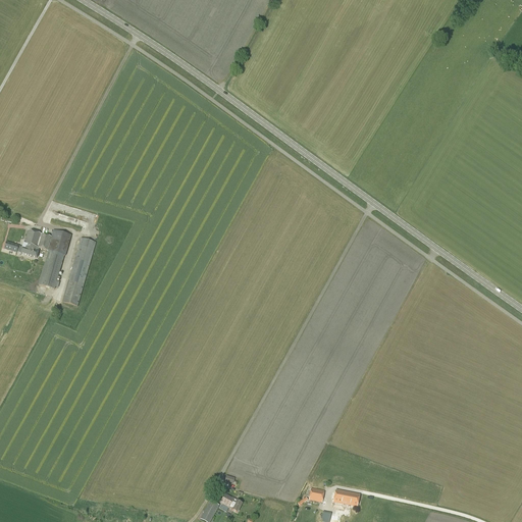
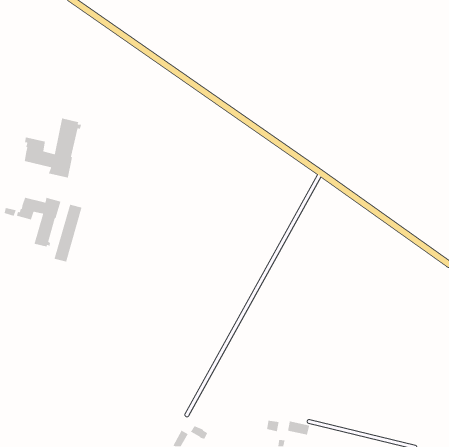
building: none -> [24,117,82,178]

